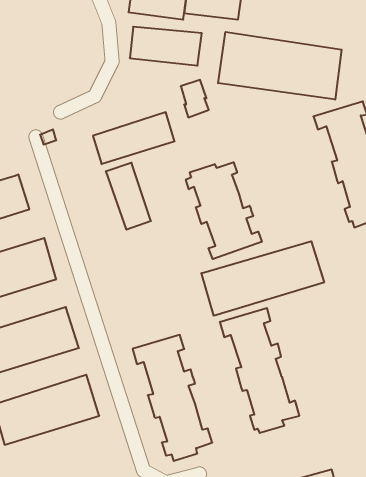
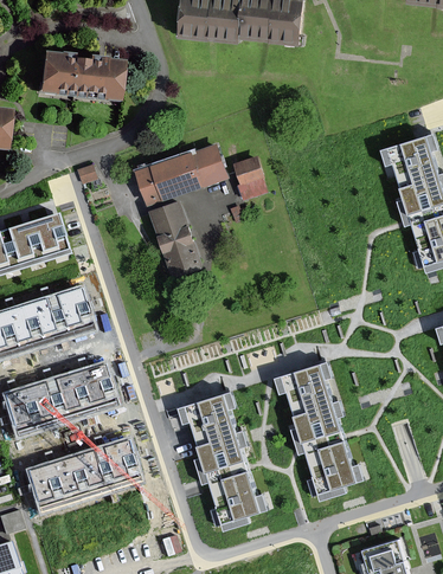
building: [130,27,202,66] -> [45,52,124,95]
building: [218,32,342,100] -> none
building: [181,80,209,117] -> [235,156,265,198]
building: [186,162,262,259] -> none
building: [201,241,324,316] -> none

